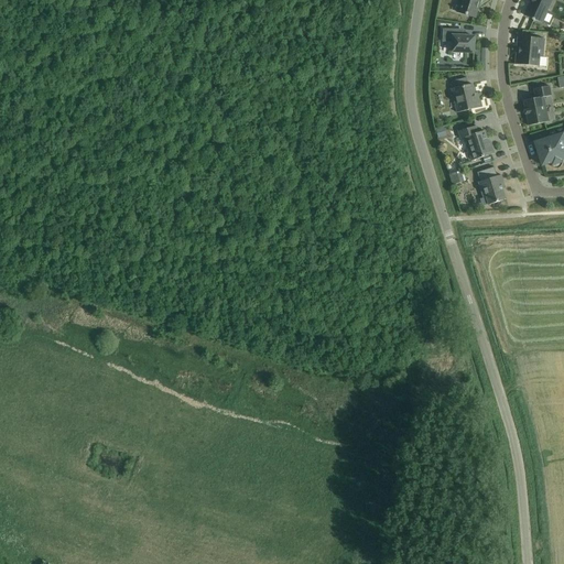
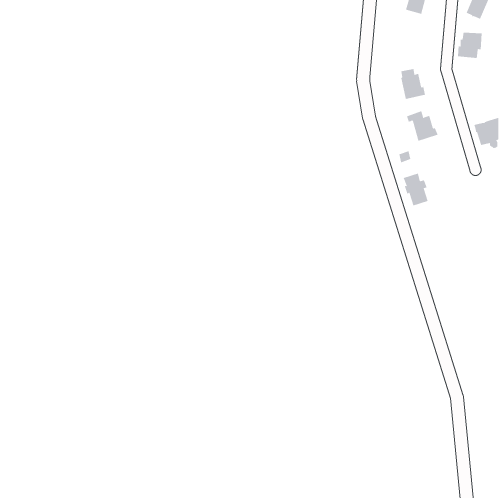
building: [443,28,475,52] -> none
building: [523,85,552,124] -> none
building: [477,166,506,204] -> [403,173,428,206]

